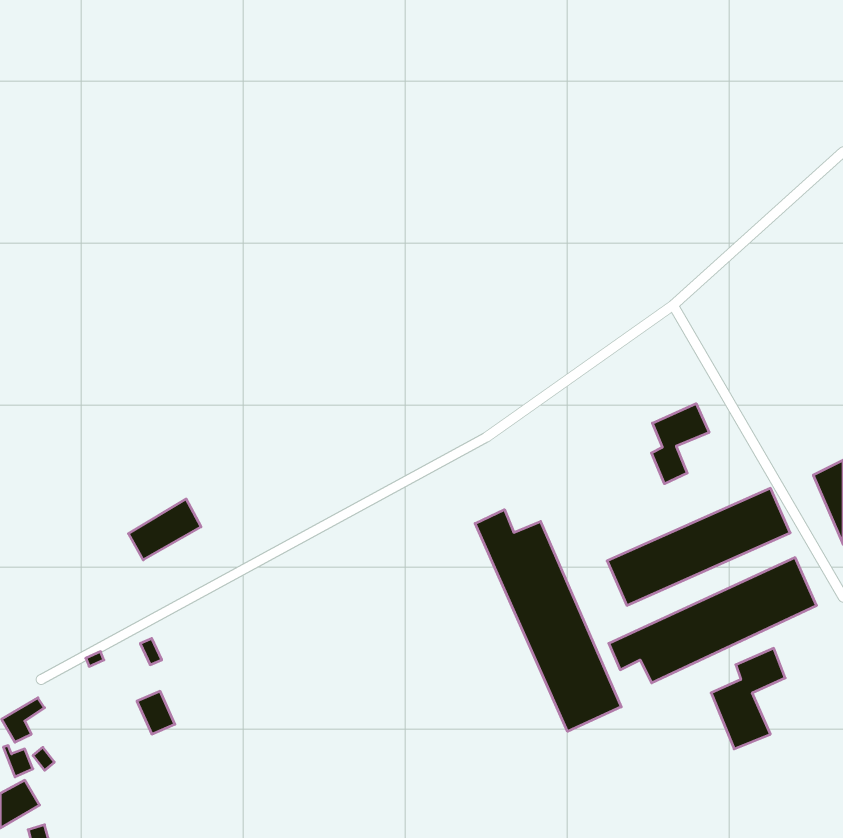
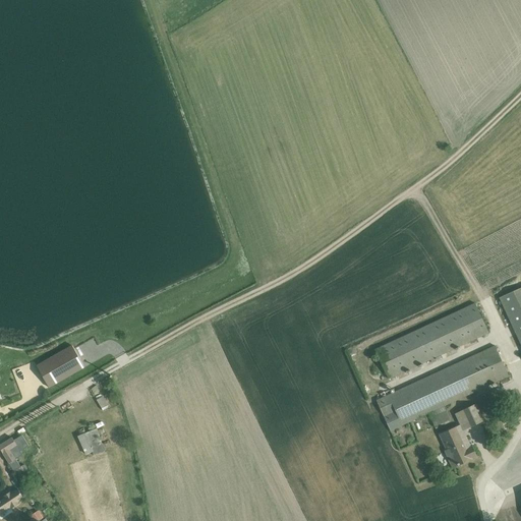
building: [651,404,709,484] -> none
building: [128,499,201,560] -> [37,345,81,383]
building: [475,510,621,731] -> none

